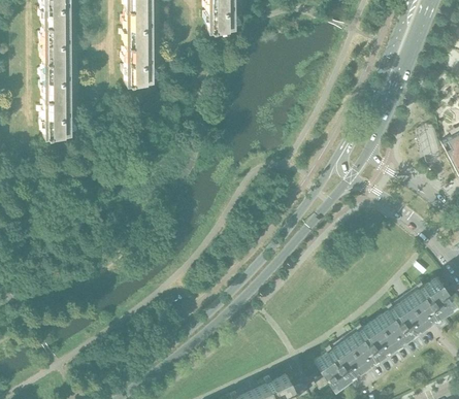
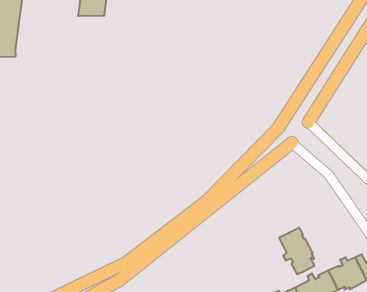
building: none -> [279,227,314,274]

